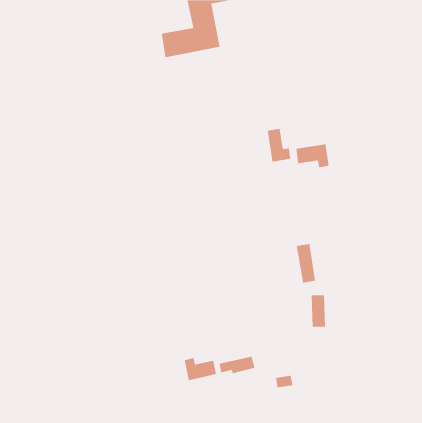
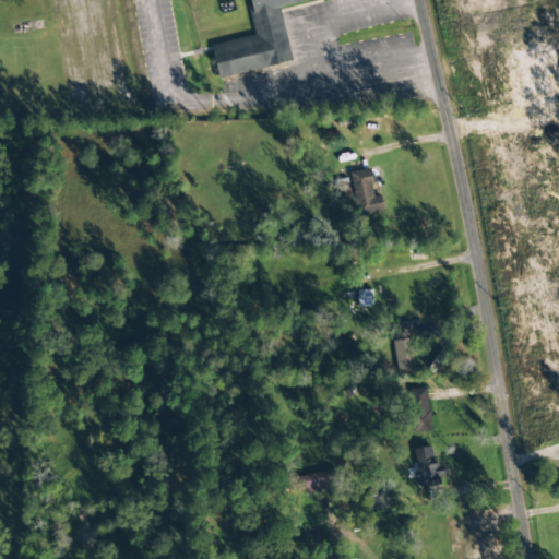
building: [295,144,329,168] -> none
building: none -> [415,445,445,488]
building: [184,357,217,381] -> none

